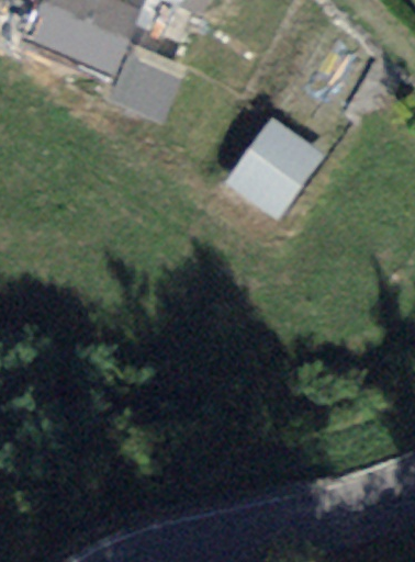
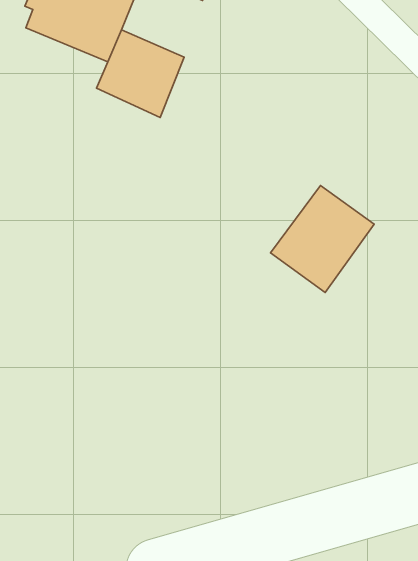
building: [223,115,323,218] -> [270,185,374,293]

